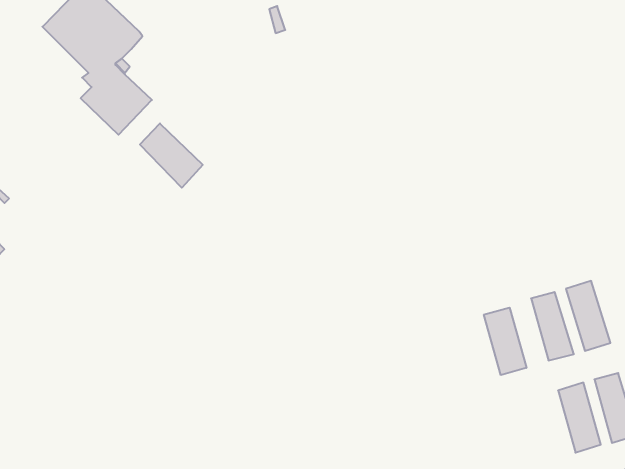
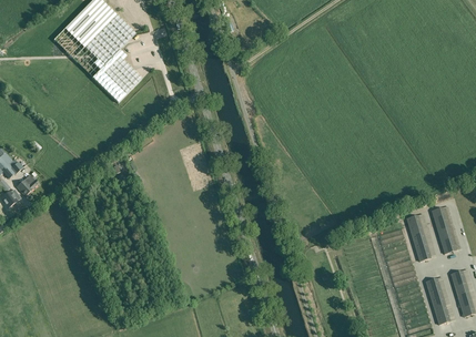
building: [140,123,203,188] -> none
building: [484,308,526,375] -> none

